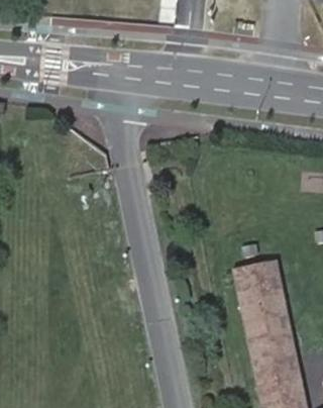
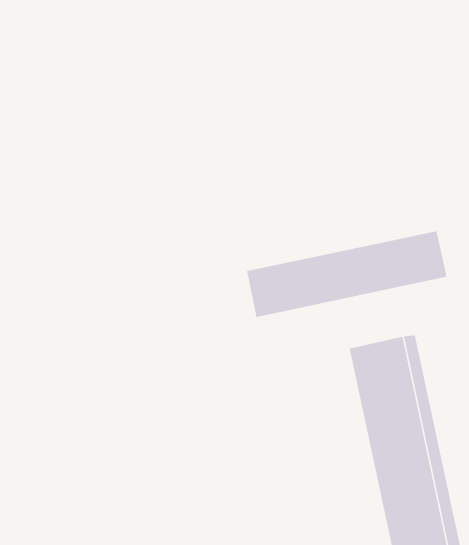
building: none -> [247,230,447,318]

